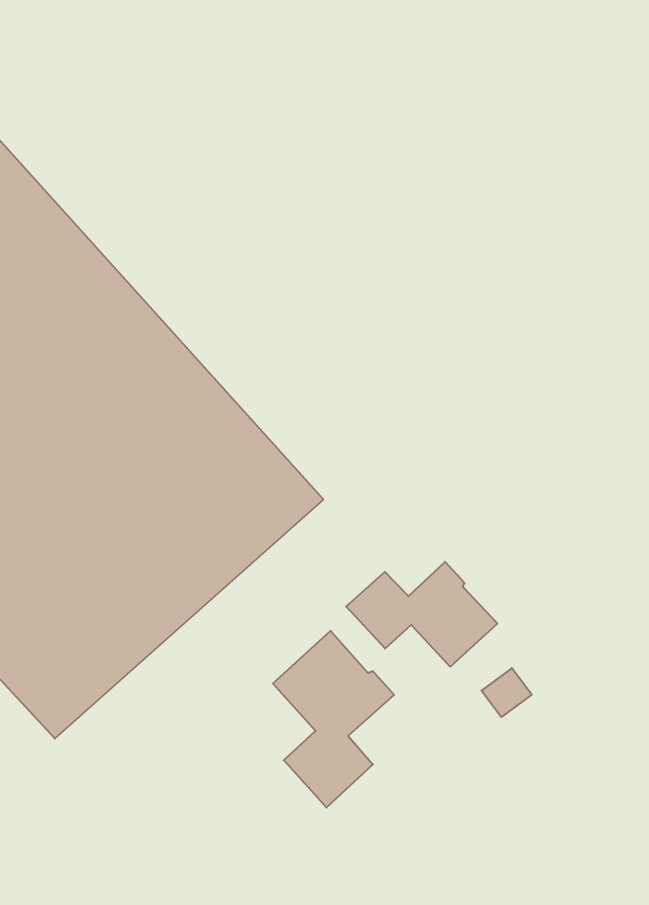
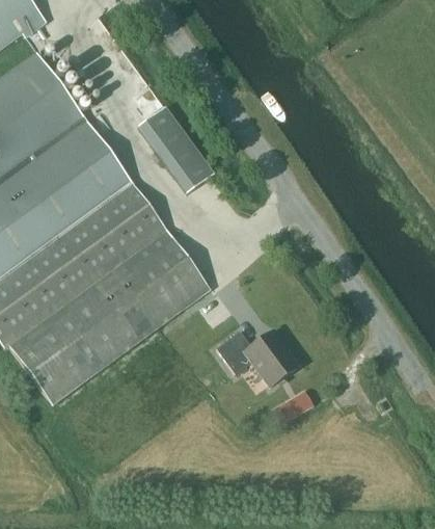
building: none -> [137,106,212,192]
building: [273,631,394,808] -> none

